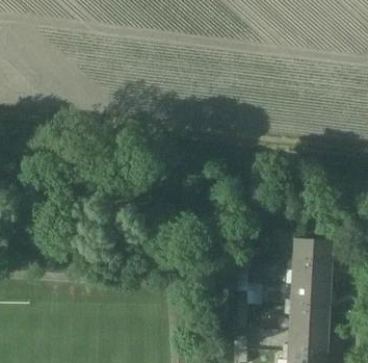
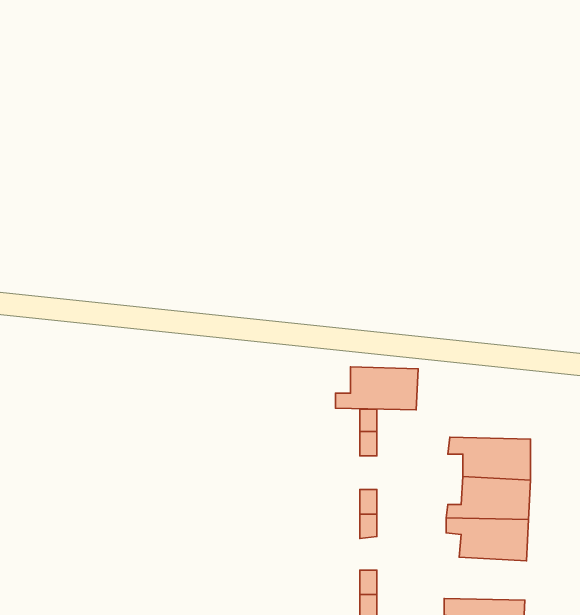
building: [286,239,332,263] -> [336,367,418,410]
building: [283,329,328,353] -> none

